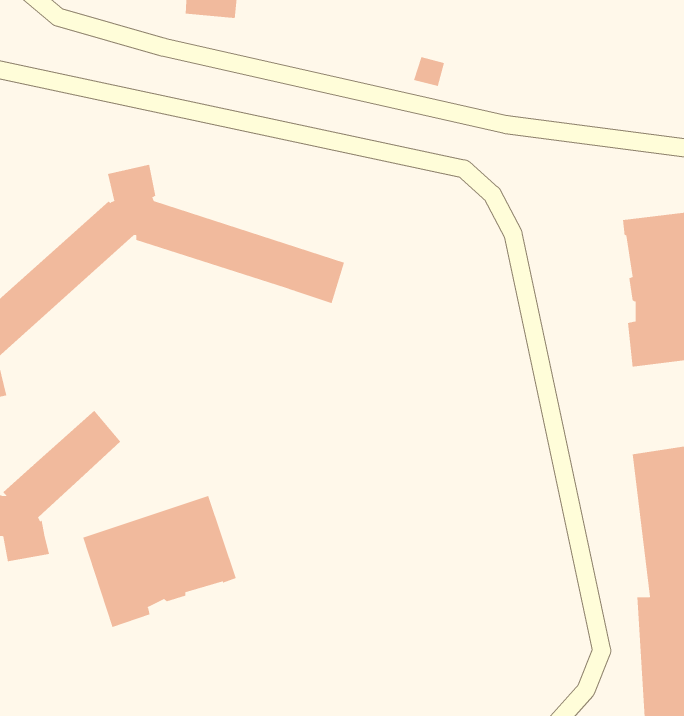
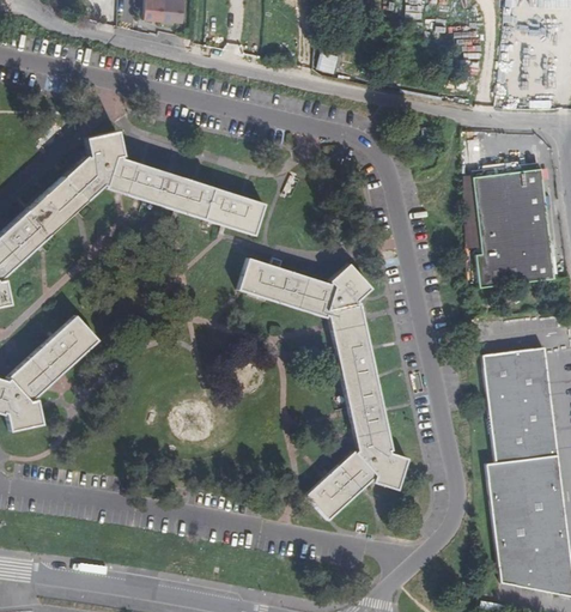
building: none -> [238,259,409,519]
building: [82,495,236,628] -> none

